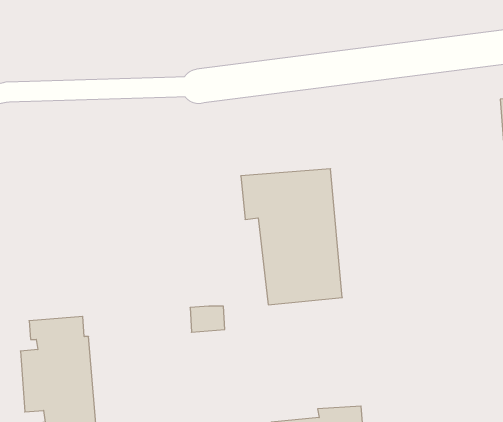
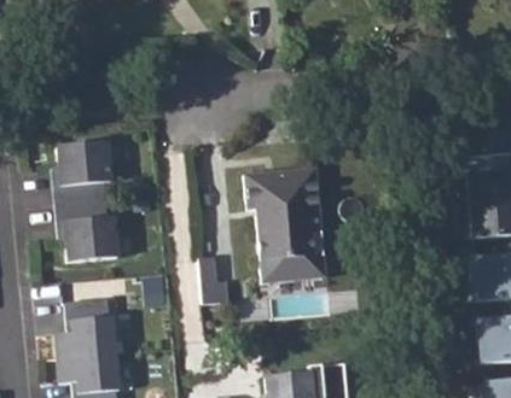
building: none -> [56,131,120,254]

